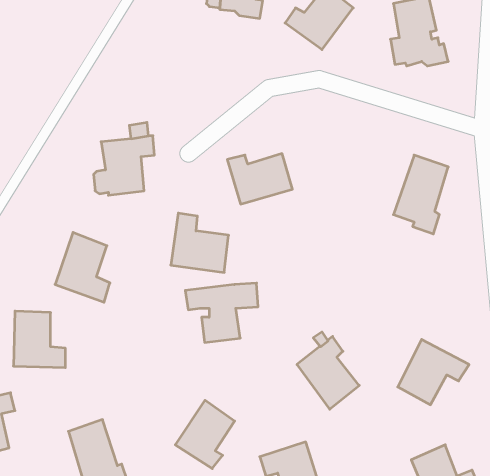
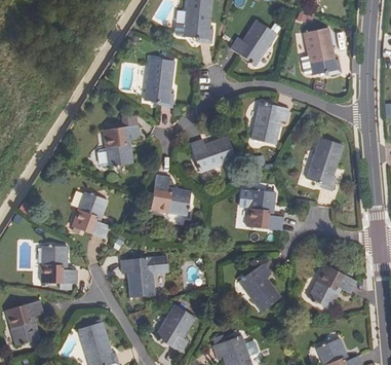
building: none -> [144,58,173,109]
building: none -> [252,101,291,144]
building: none -> [245,189,282,230]
building: [185,283,258,342] -> [116,255,166,296]

